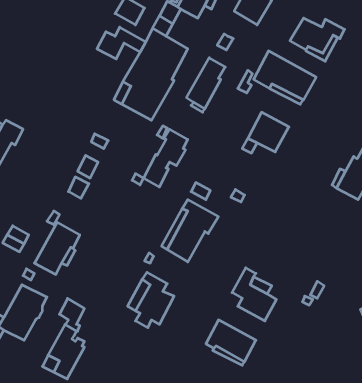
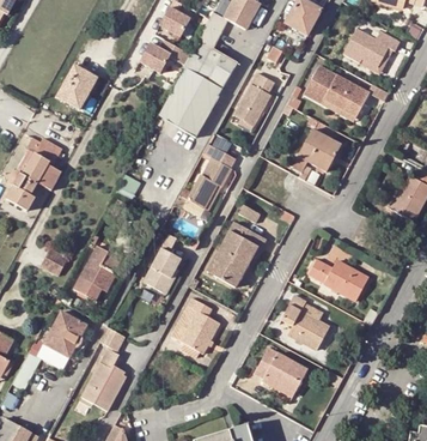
building: none -> [56,64,97,108]
building: none -> [145,232,183,292]
building: none -> [309,258,368,300]

